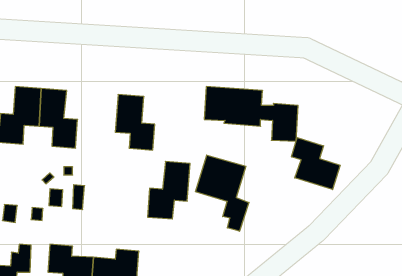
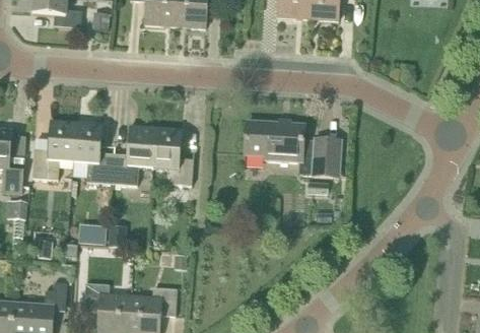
building: [292,138,340,190] -> none
building: [196,155,249,231] -> none
building: [148,161,190,219] -> [112,126,155,185]

